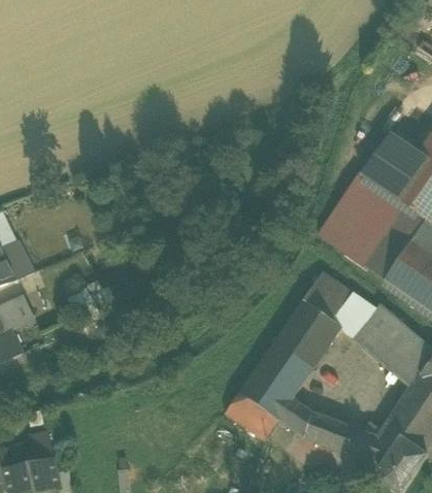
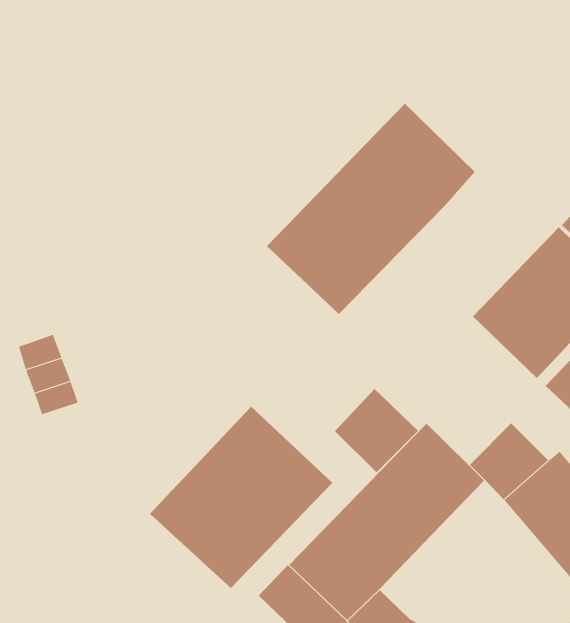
building: none -> [266,103,475,315]
building: [303,272,351,320] -> [334,388,419,473]
building: none -> [149,406,333,589]

